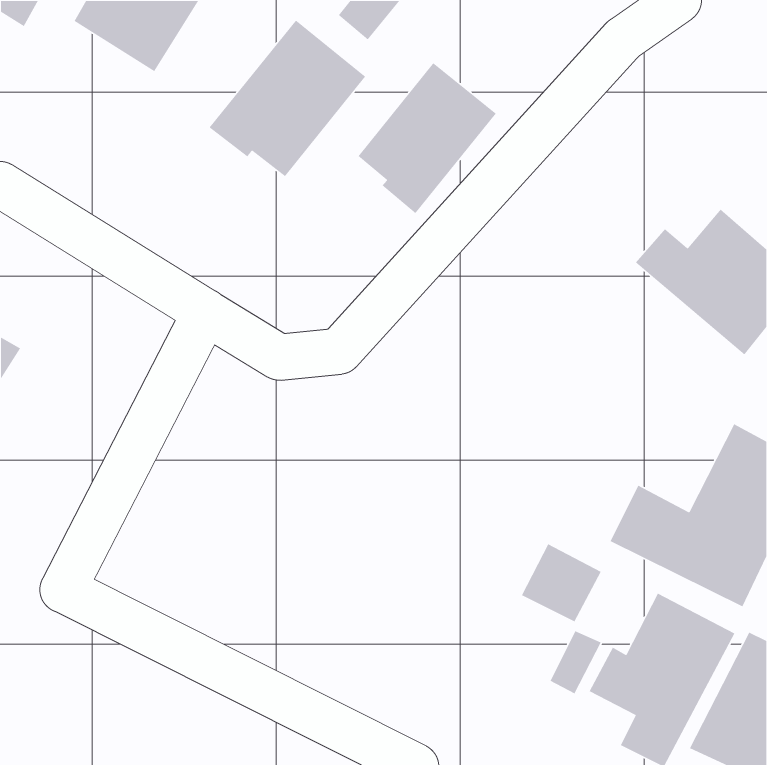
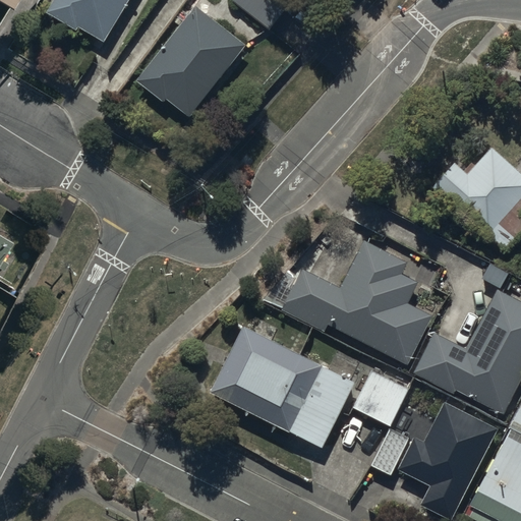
building: [357,62,497,214] -> none
building: none -> [282,238,431,367]
building: none -> [213,325,351,443]

